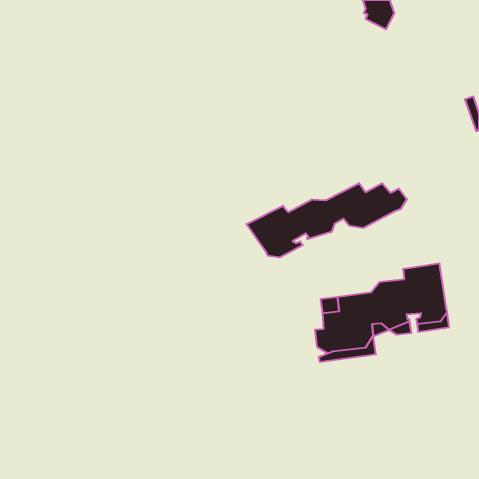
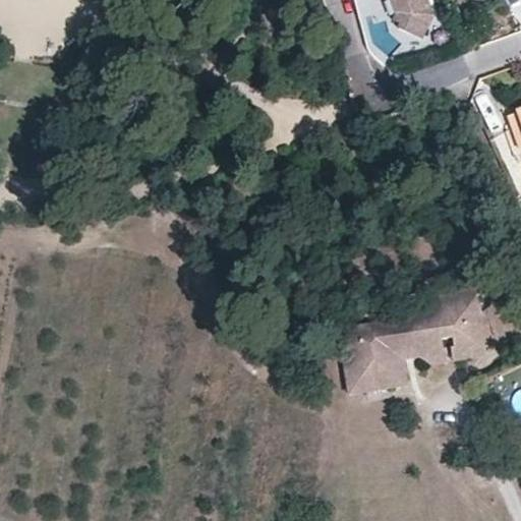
building: [246,183,407,257] -> none

